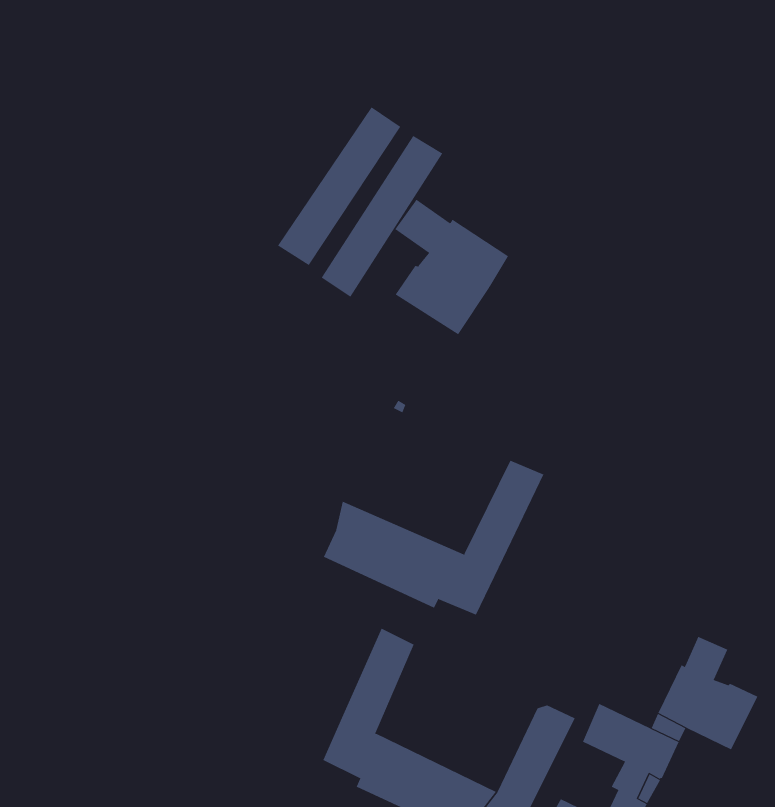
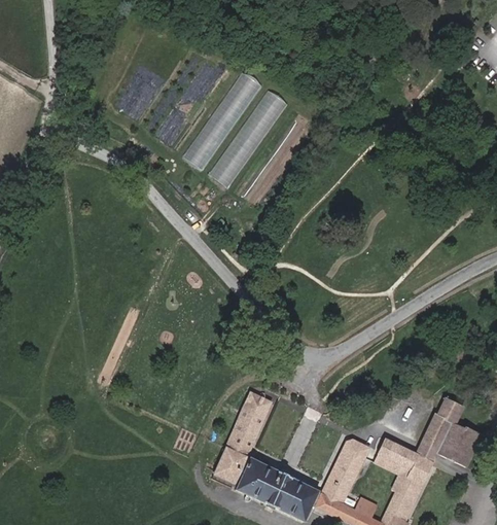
building: [395,199,509,335] -> none
building: [323,460,544,616] -> none

